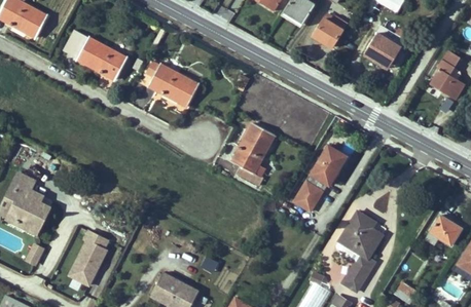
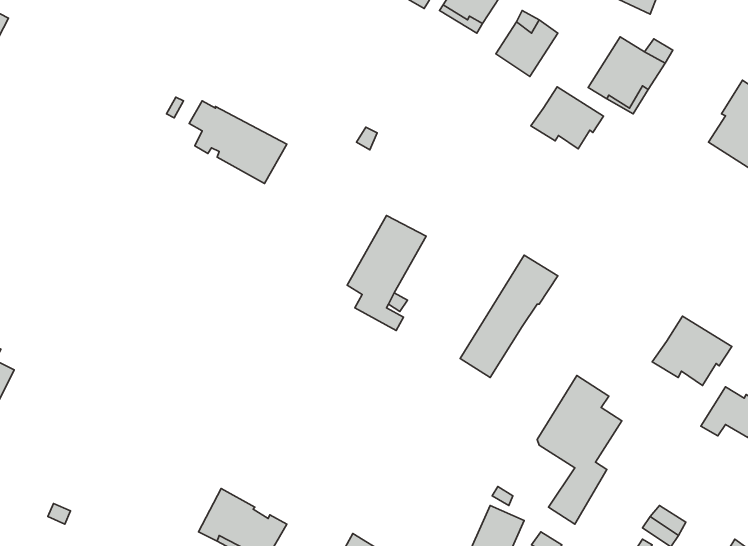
building: [63,30,126,79] -> none
building: none -> [531,87,604,149]
building: none -> [652,316,732,385]
building: [69,230,108,284] -> none

